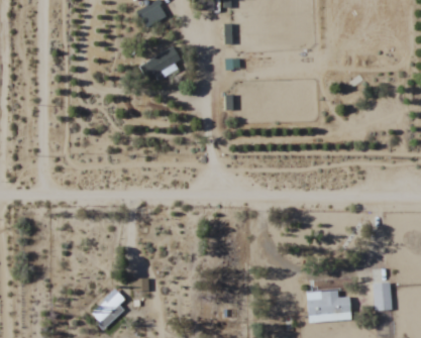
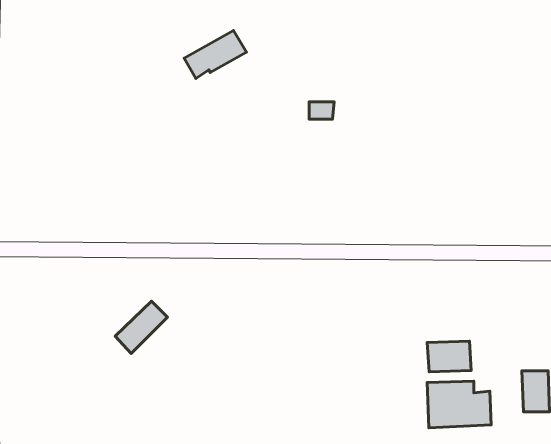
building: none -> [427,341,471,372]
building: [90,289,126,325] -> [115,301,167,354]

